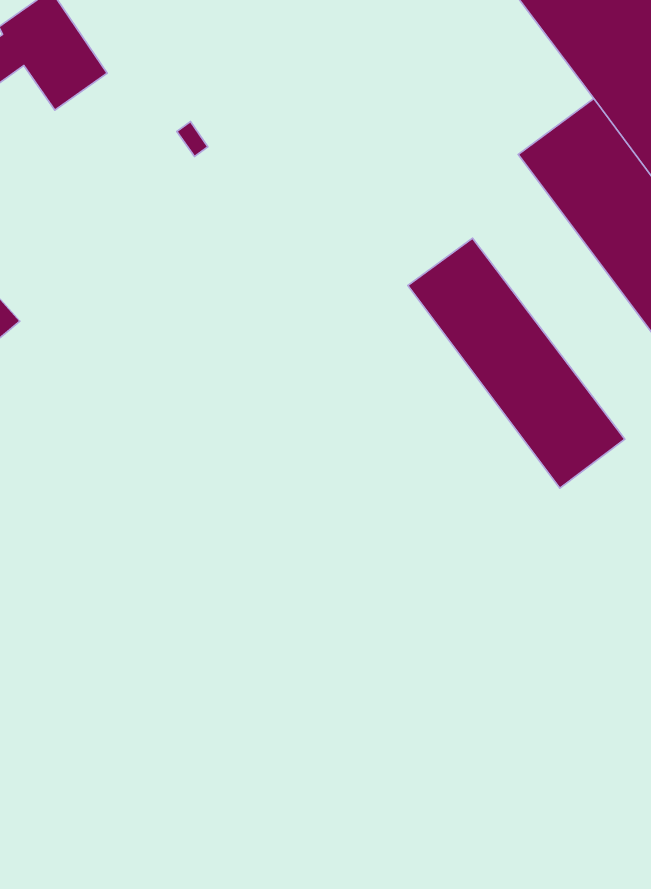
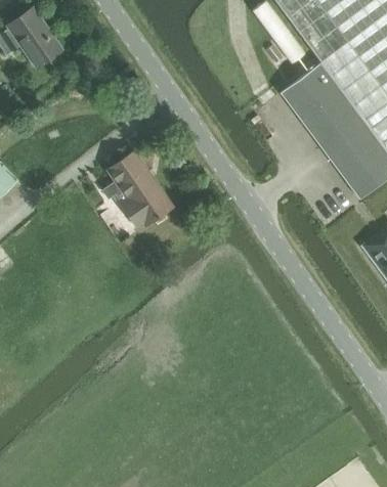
building: [408,238,625,488] -> none
building: none -> [103,151,174,228]

